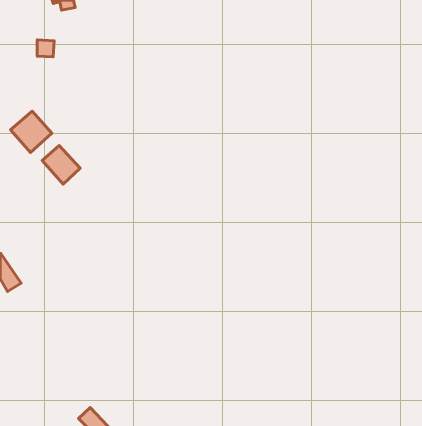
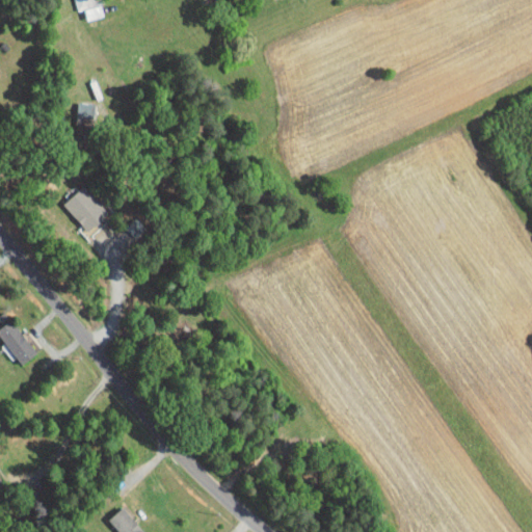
building: [37,40,54,57] -> [73,103,94,124]
building: [11,111,52,153] -> none

